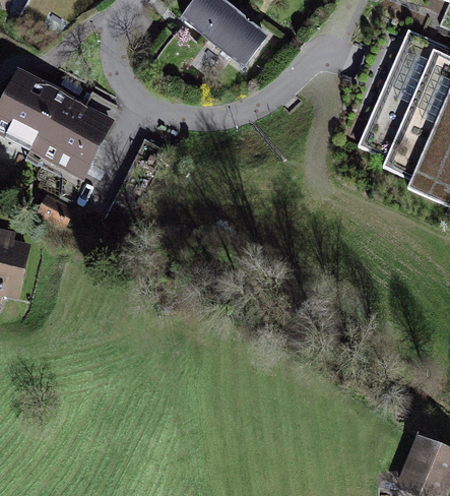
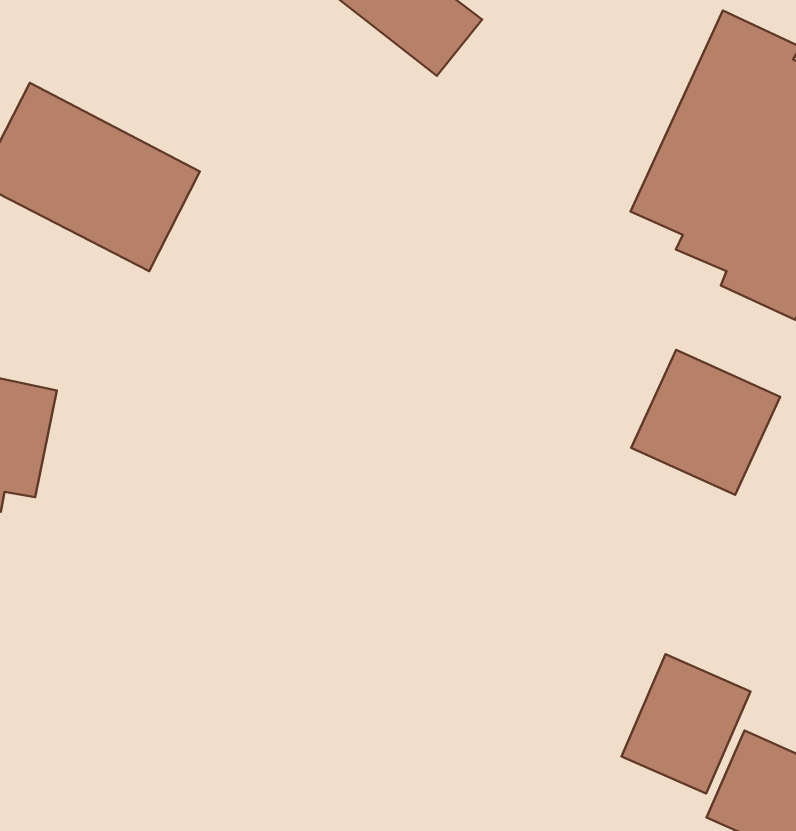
building: none -> [631,350,780,495]
building: none -> [621,654,750,794]

